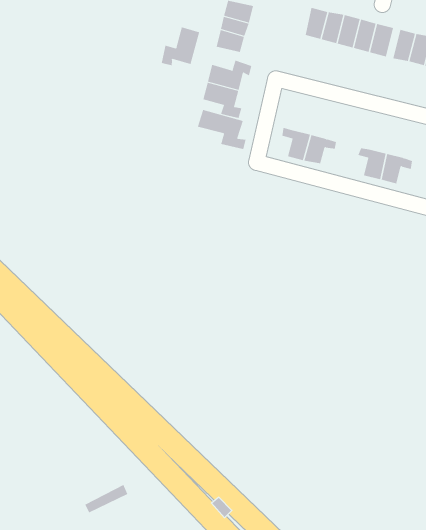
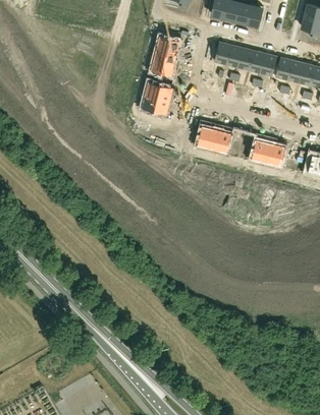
building: [161,27,200,66] -> none
building: [197,109,246,150] -> none

